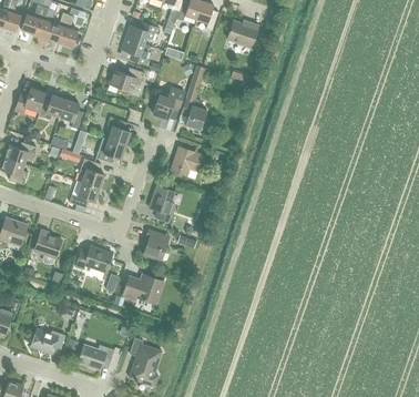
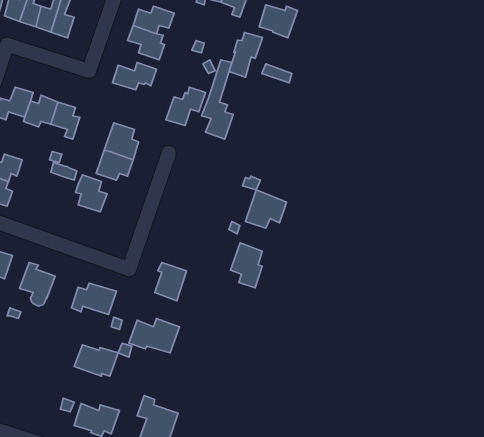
building: none -> [229,33,263,77]
building: [170,144,203,175] -> [245,190,286,228]
building: [69,180,99,206] -> none
building: [149,184,174,221] -> [231,243,262,288]
building: [30,327,65,353] -> [74,345,118,376]

